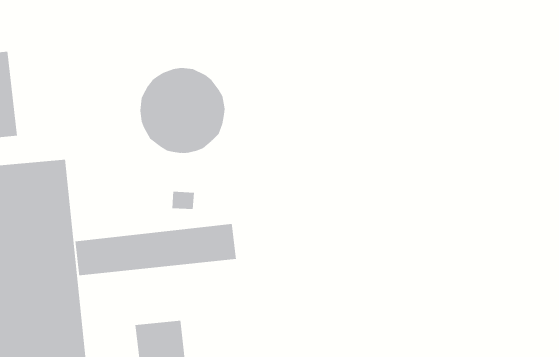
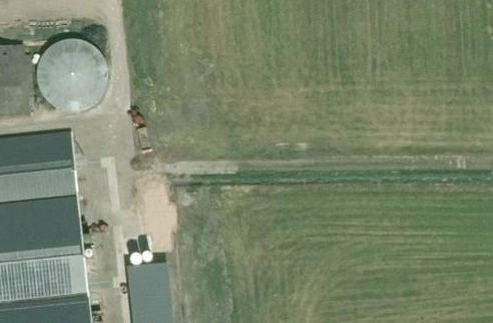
building: [140,67,226,153] -> [38,40,108,110]
building: [75,223,236,276] -> none

